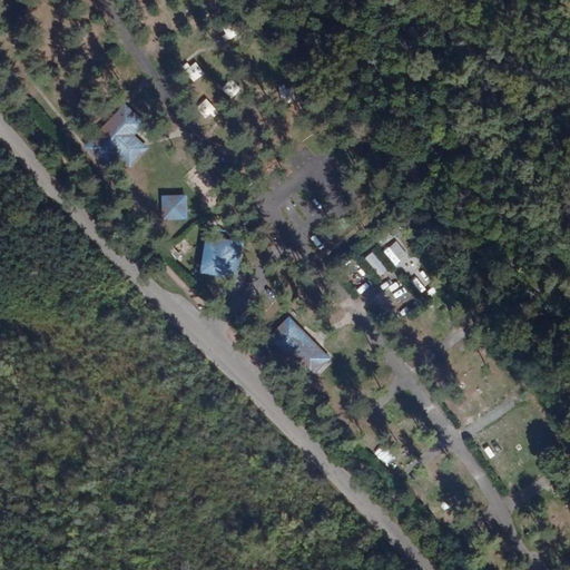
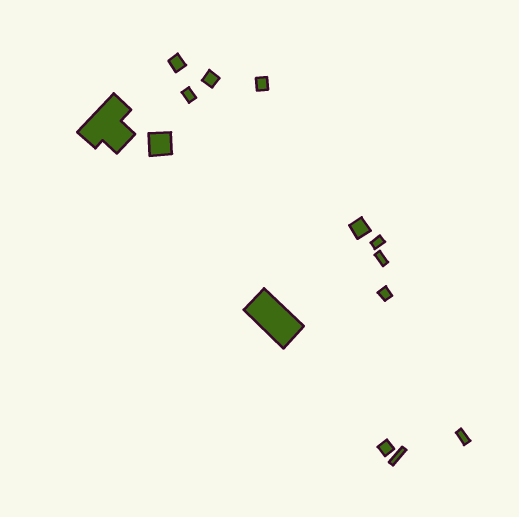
building: [161,193,187,218] -> [149,132,172,156]
building: [198,235,243,277] -> none

